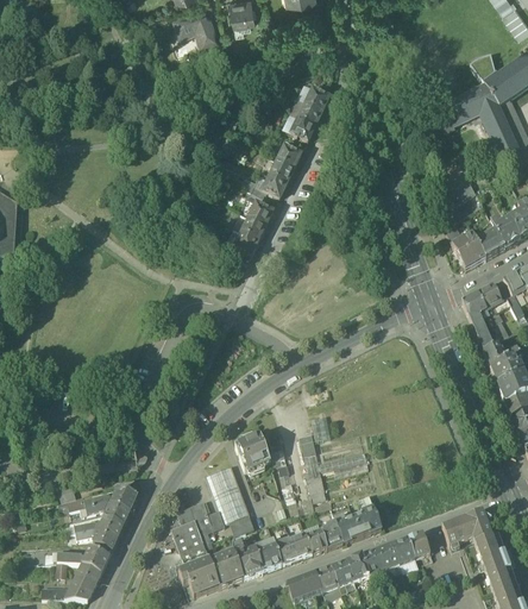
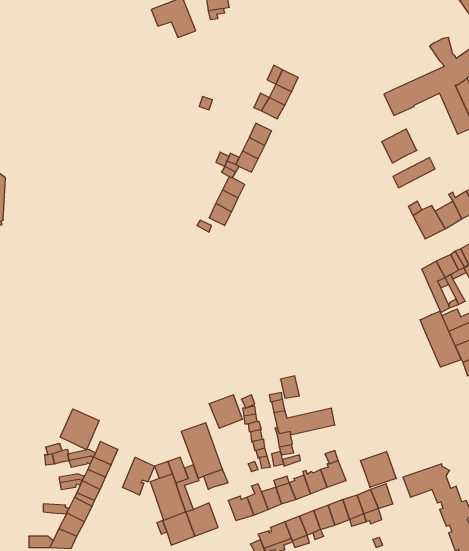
building: none -> [382,129,417,163]
building: none -> [420,311,461,367]
building: none -> [60,409,99,450]
building: none -> [360,451,396,488]
building: none -> [123,457,155,495]
building: [233,540,263,576] -> none

